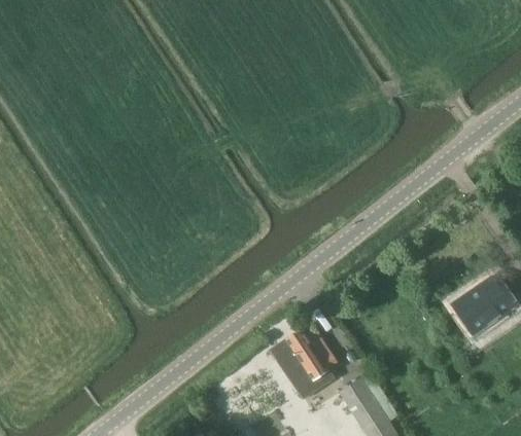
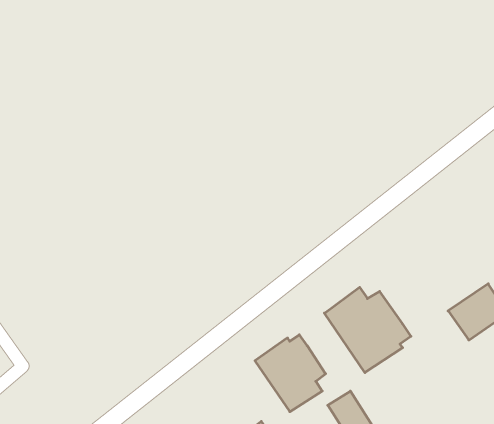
building: none -> [324,287,411,373]

